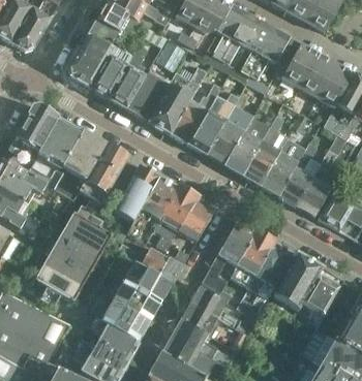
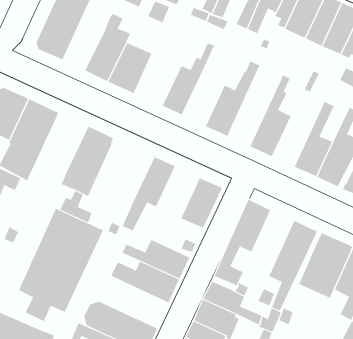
building: [90,44,132,97] -> none
building: [148,66,206,133] -> none
building: [187,92,239,154] -> none
building: [224,116,270,174] -> none
building: [51,131,107,200] -> none
building: [261,140,304,195] -> none
building: [113,164,160,221] -> none
building: [153,185,198,251] -> none
building: [236,229,275,286] -> none
building: [109,278,161,322] -> none

